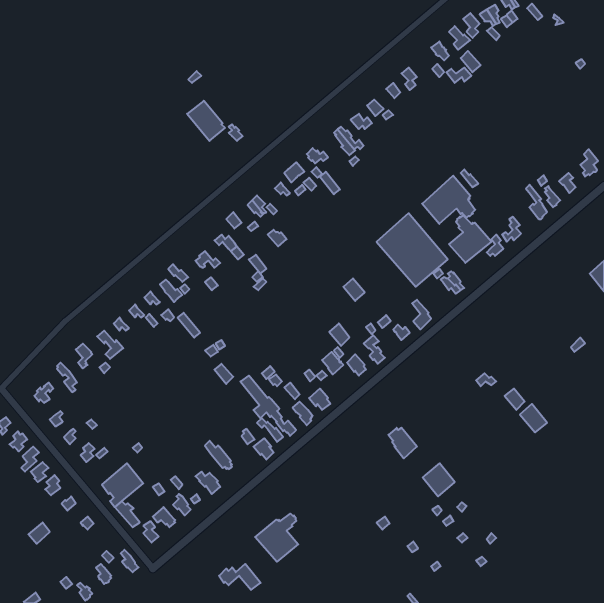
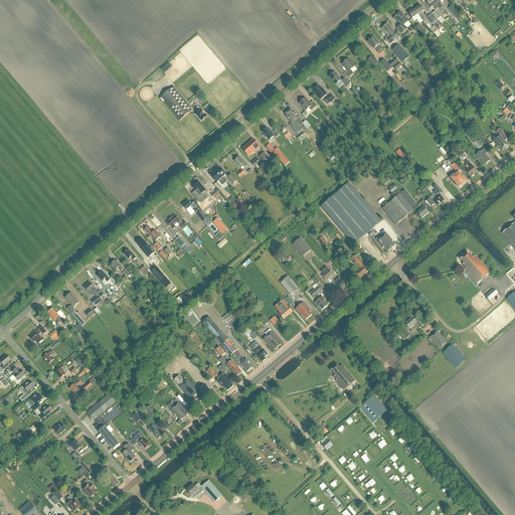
building: [422,176,475,224] -> none
building: none -> [460,251,489,283]
building: [255,514,298,562] -> none

